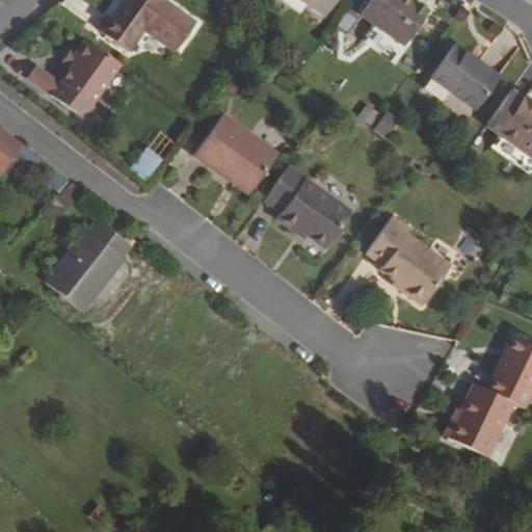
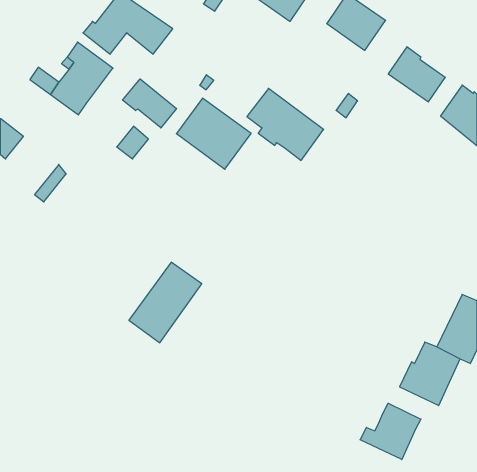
building: none -> [123,79,177,128]
building: [268,161,353,241] -> [247,88,324,160]
building: [369,212,452,300] -> none
building: [50,214,131,303] -> [129,262,202,343]
building: none -> [360,403,421,460]

